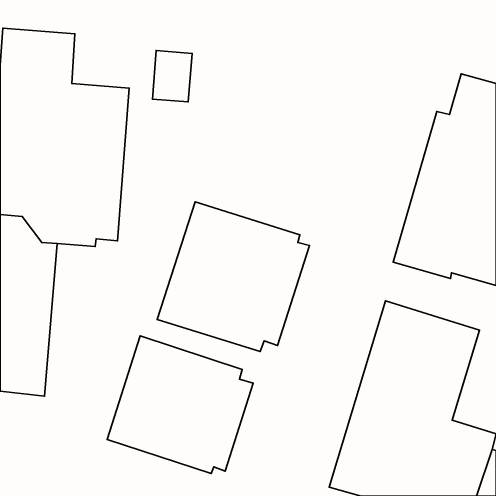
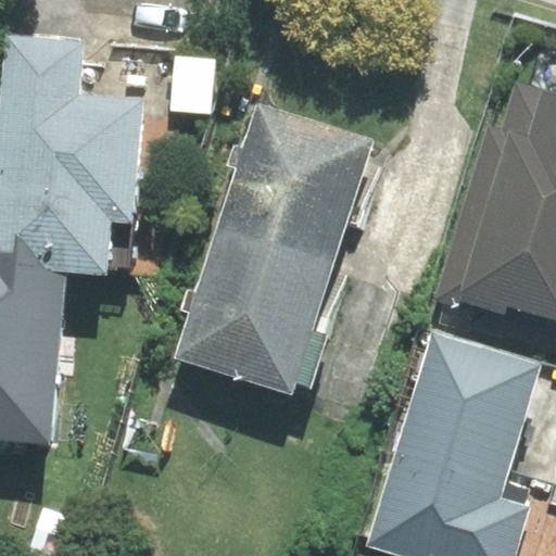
building: none -> [218,104,379,263]
building: [107,336,253,473] -> none

